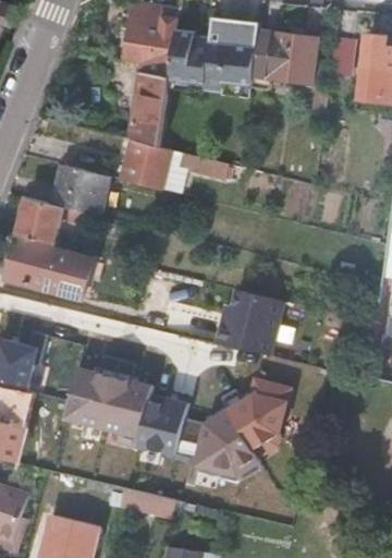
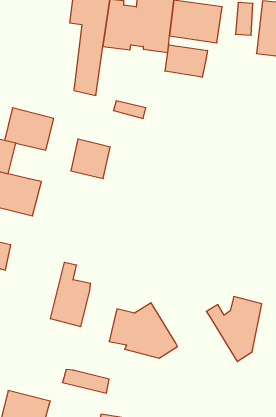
building: none -> [165,45,207,77]
building: [122,143,171,192] -> [71,139,110,179]
building: [216,289,282,353] -> none
building: [64,352,119,426] -> none
building: [219,376,287,457] -> [206,297,262,362]
building: [137,391,187,454] -> none

